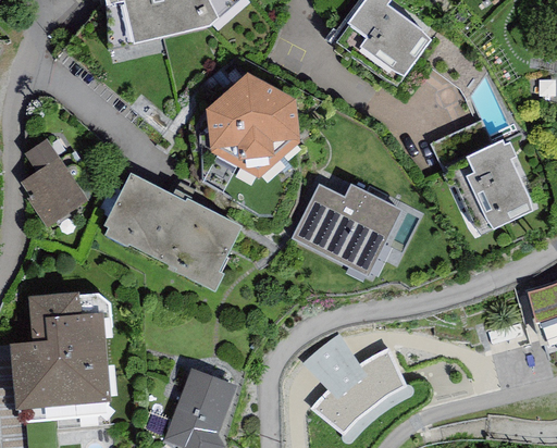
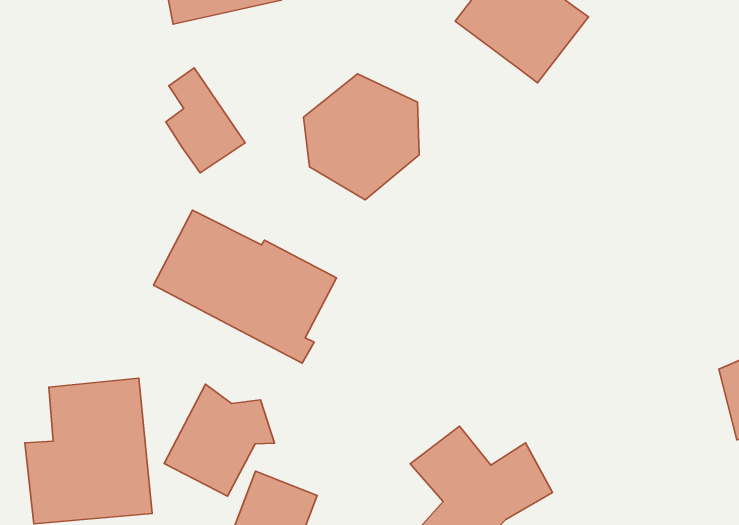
building: [437,140,529,237] -> none
building: [29,147,87,223] -> [166,68,245,173]
building: [301,184,410,274] -> none
building: none -> [164,384,275,496]

